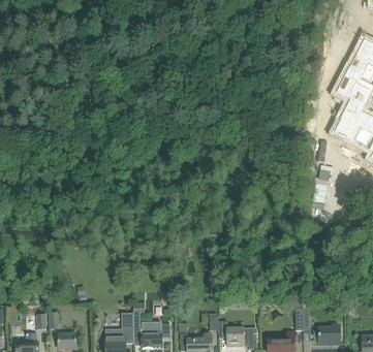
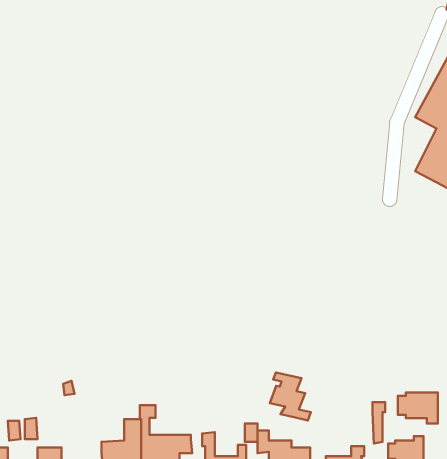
building: none -> [270,372,311,420]
building: none -> [398,392,438,423]

